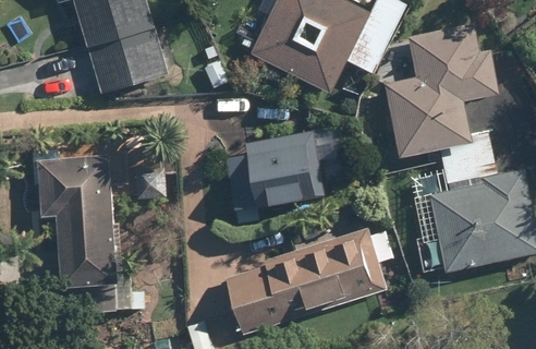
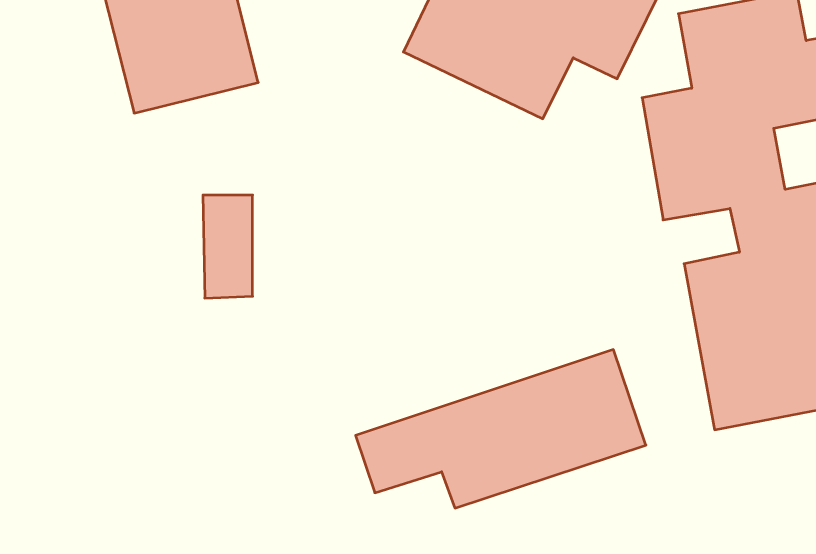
building: [227,132,322,226] -> none
building: [40,160,110,286] -> none

